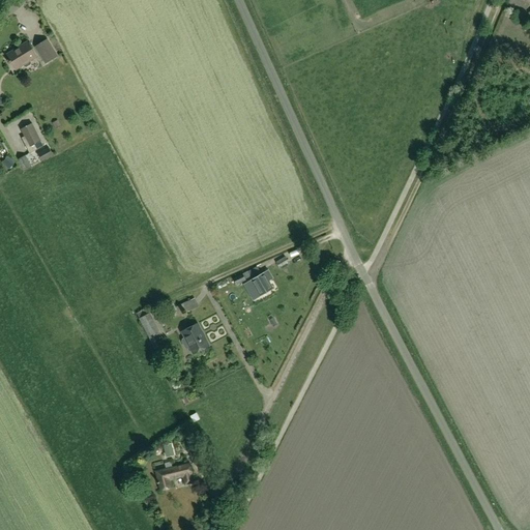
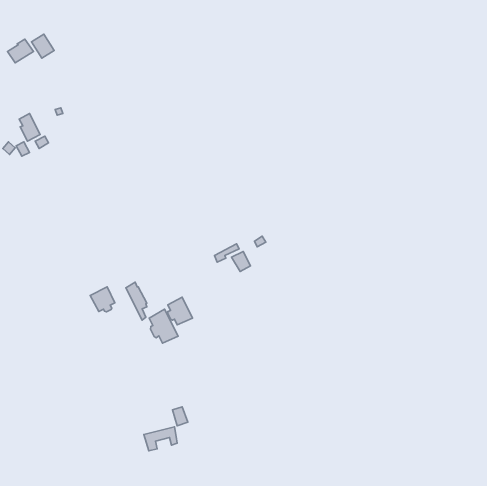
building: none -> [90,287,115,312]
building: none -> [149,309,178,343]

